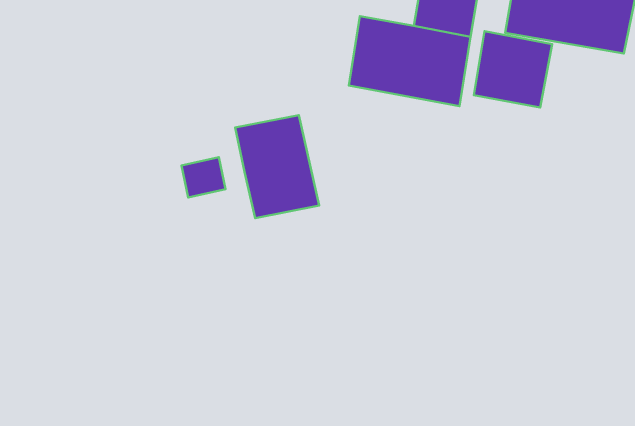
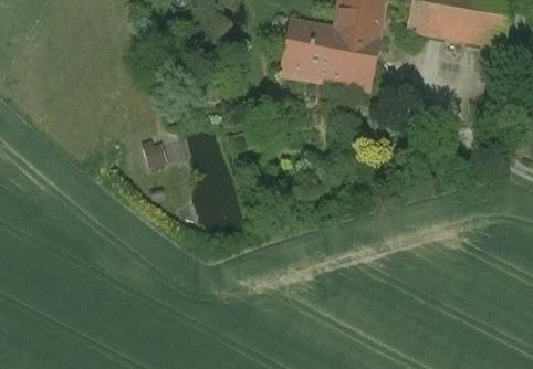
building: [474,31,552,108] -> none
building: [235,115,319,218] -> none

